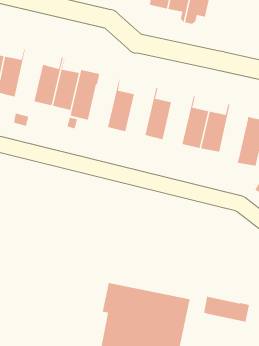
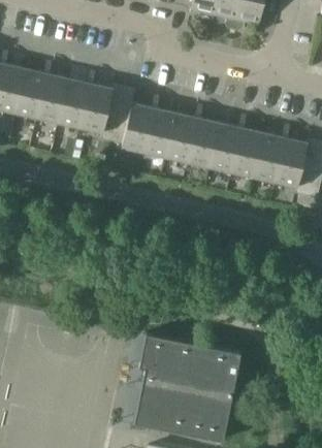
building: none -> [36,60,68,122]
building: none -> [121,94,157,152]
building: none -> [165,103,200,161]
building: none -> [208,114,244,171]
building: none -> [275,124,307,186]
building: [203,296,250,322] -> none

